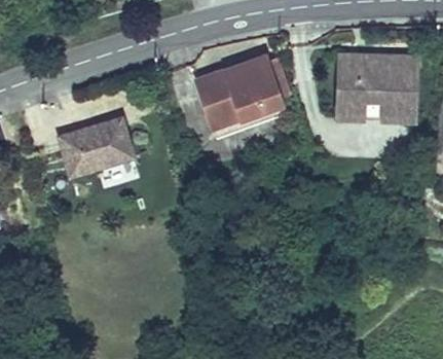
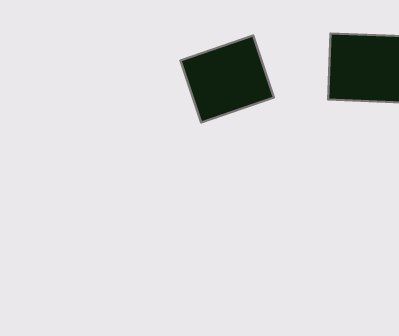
building: [59,116,134,174] -> none

